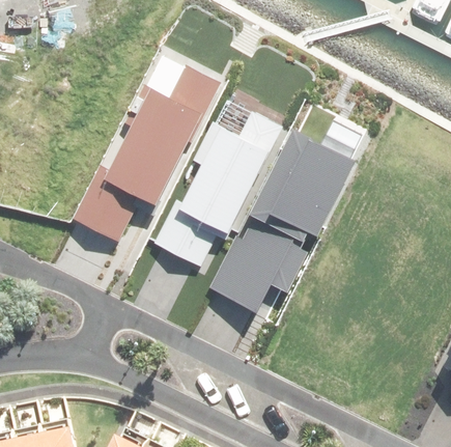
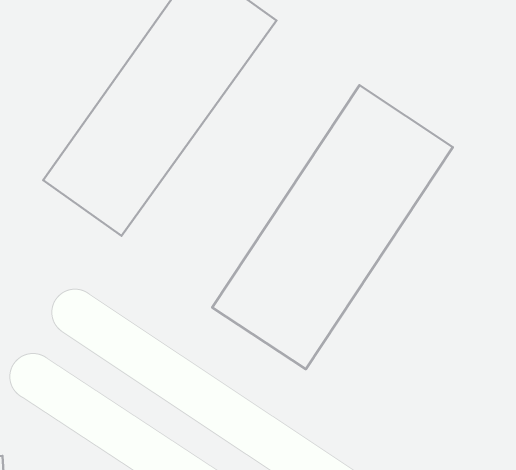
building: [157,108,283,260] -> none

